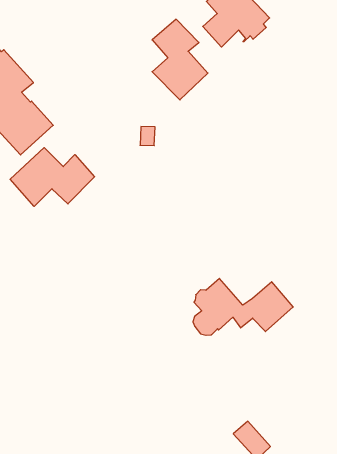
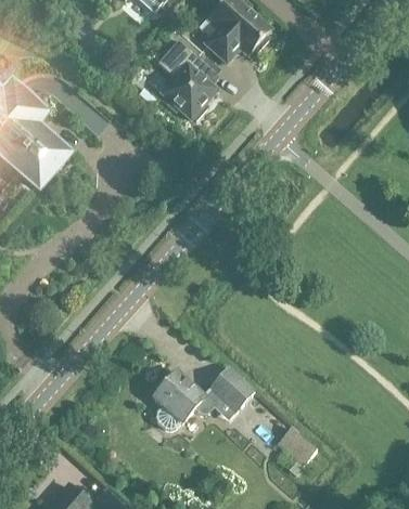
building: [10,148,95,206] -> none
building: [193,278,293,335] -> [155,368,254,428]

